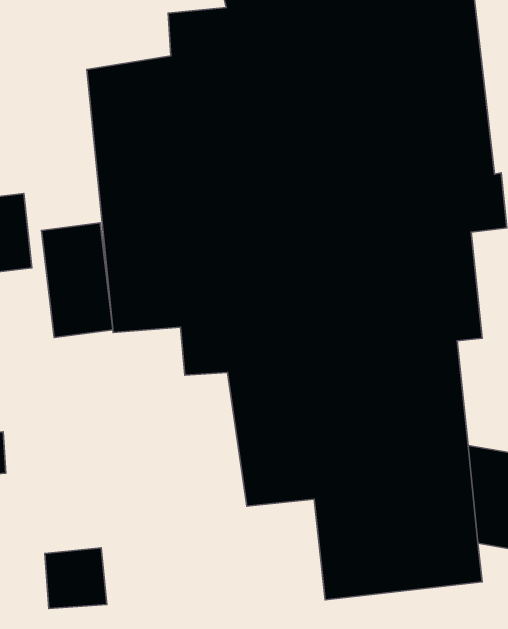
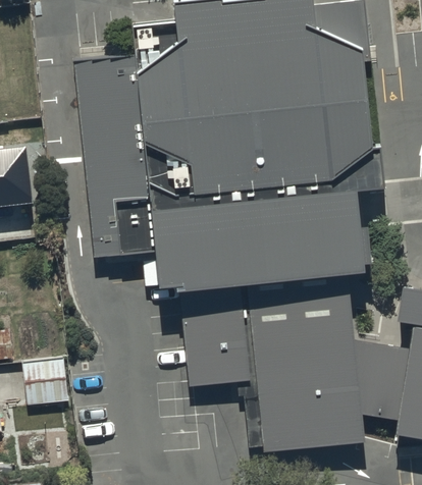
building: [41,223,113,337] -> none
building: [45,548,107,608] -> [23,359,69,403]

